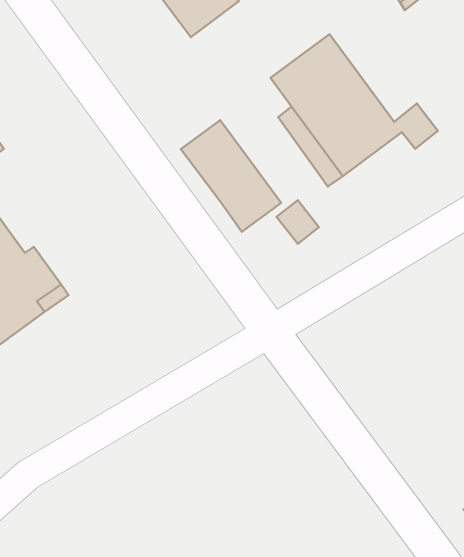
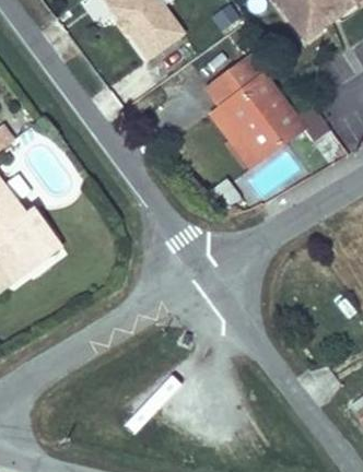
building: [181,120,281,232] -> none

